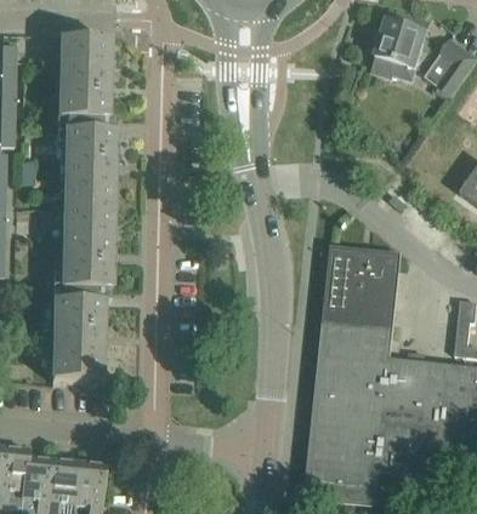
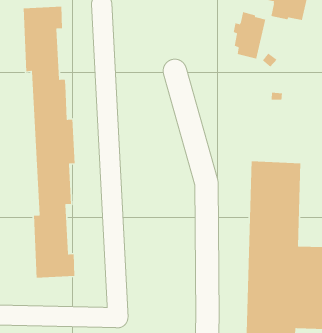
building: none -> [233,11,266,59]

